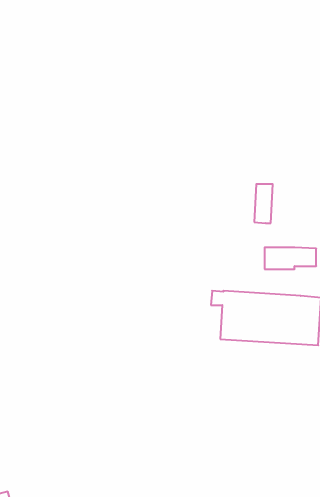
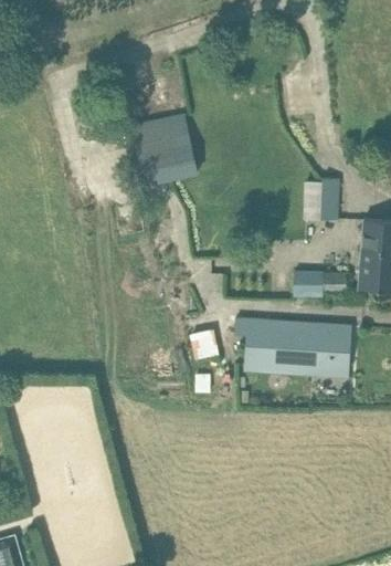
building: none -> [127,113,194,186]
building: [254,184,273,223] -> [319,178,339,220]

